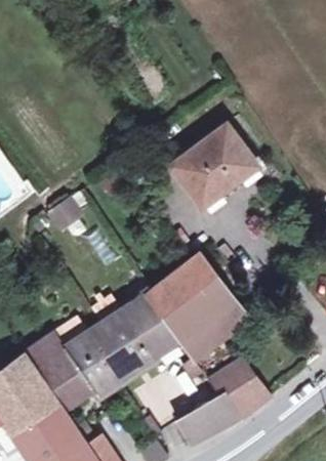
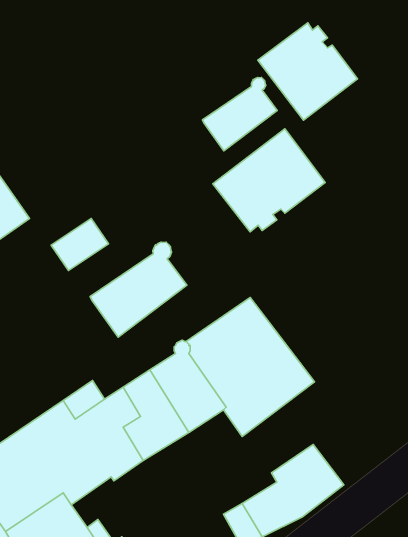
building: none -> [258,23,358,120]
building: none -> [203,77,277,151]
building: none -> [90,242,187,337]

